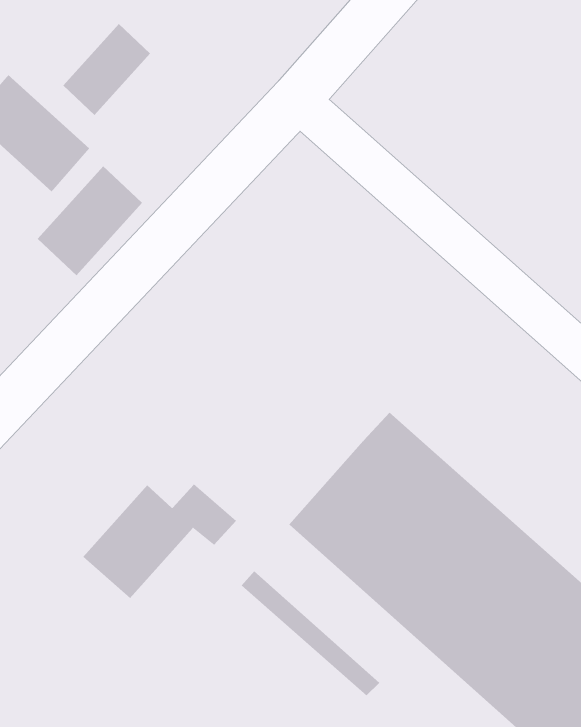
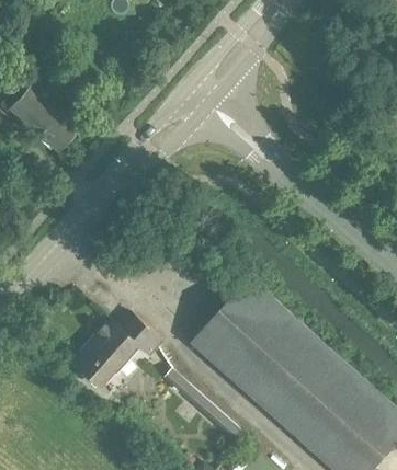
building: [62,23,151,116] -> none
building: [37,165,143,276] -> none

